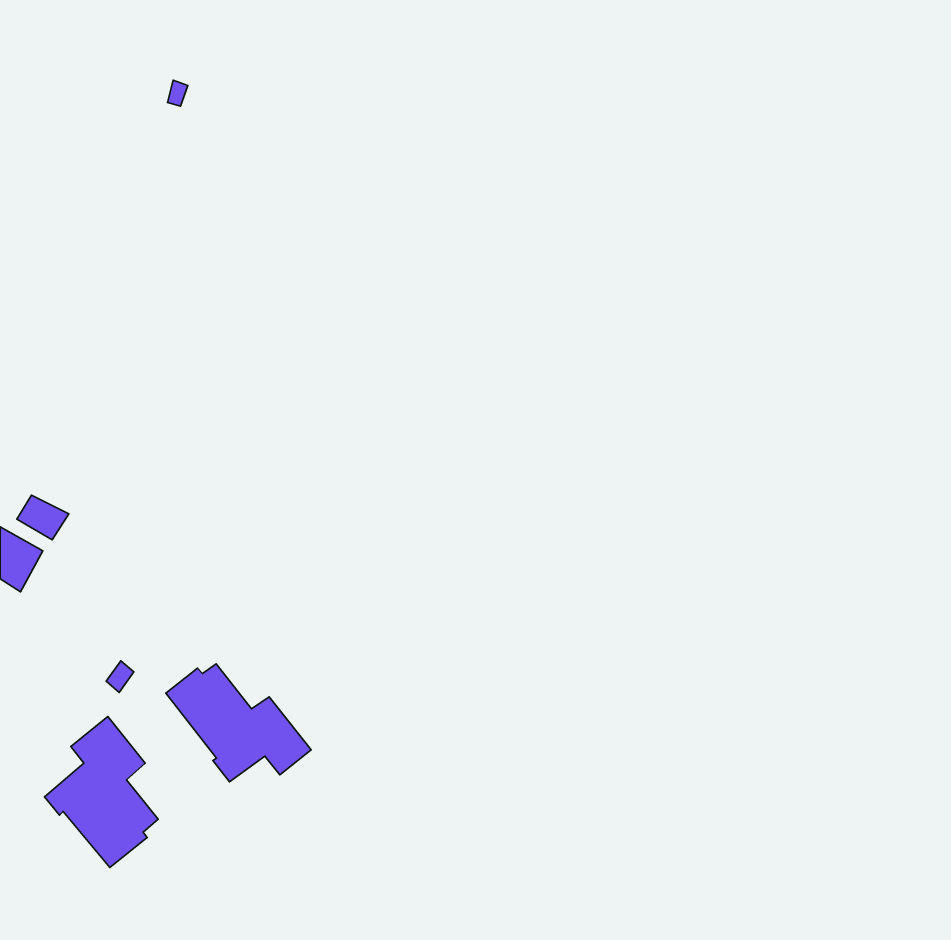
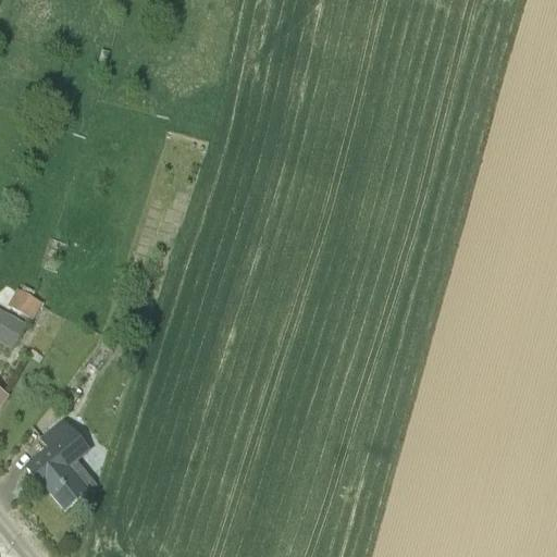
building: [166,664,311,782] -> none

